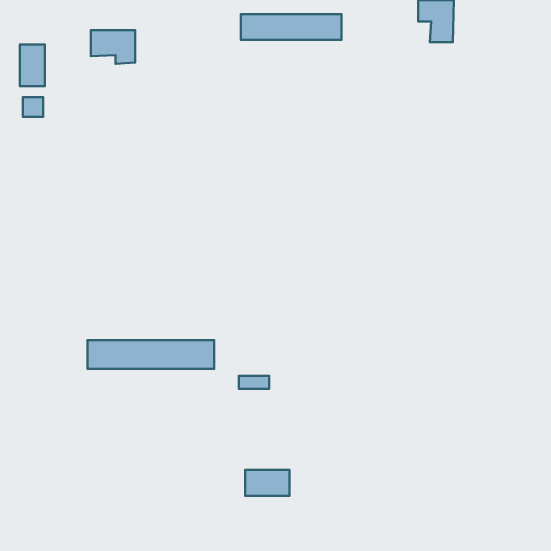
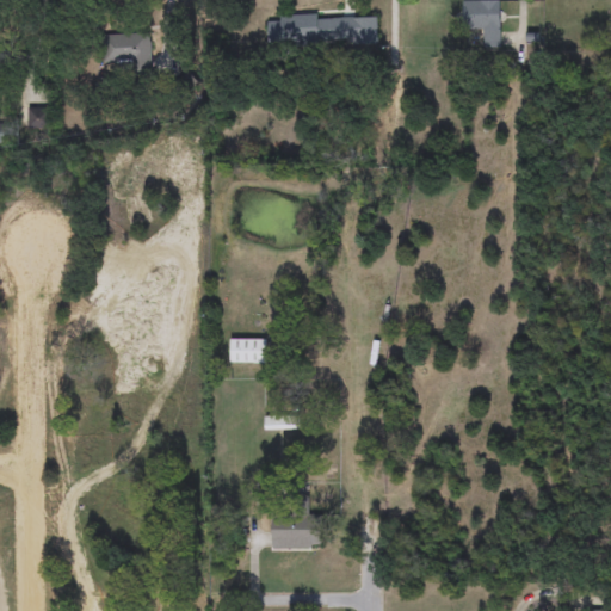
building: [20,44,45,86] -> none
building: none -> [229,339,265,363]
building: [88,340,214,369] -> none

